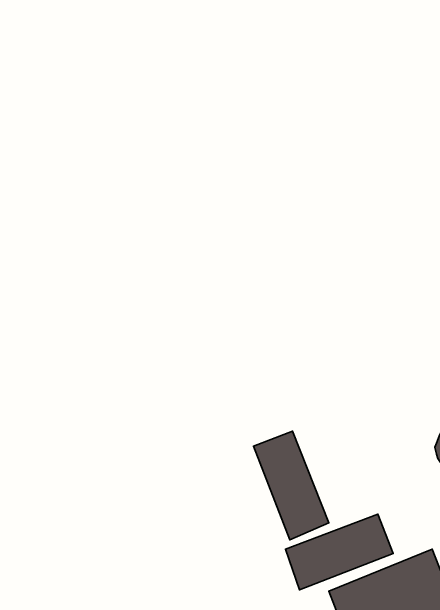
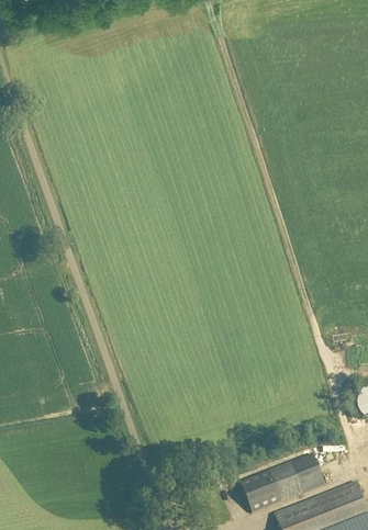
building: [254,431,329,540] -> none

